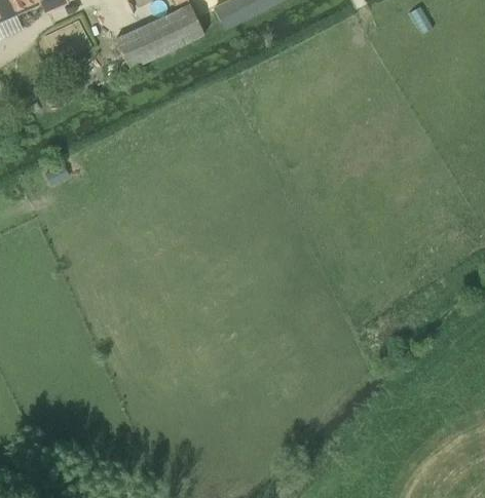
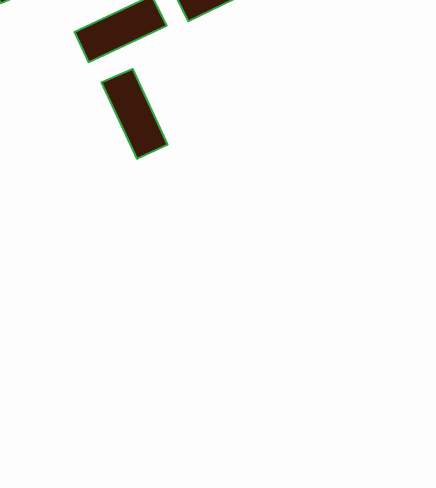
building: none -> [102,69,167,159]

